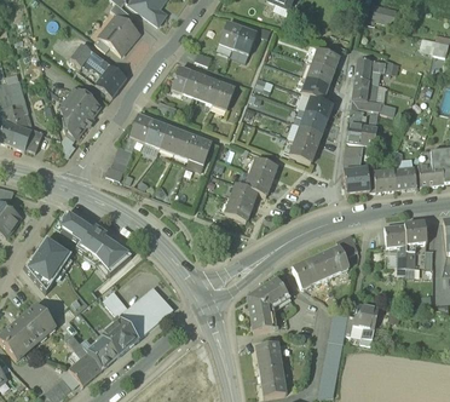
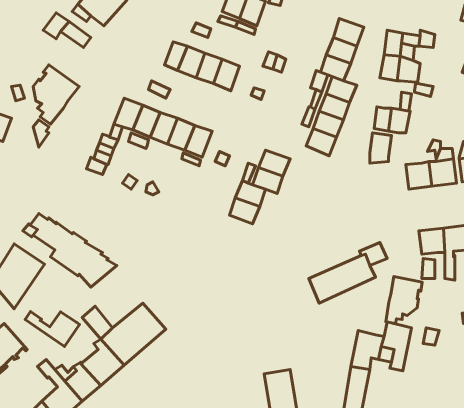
building: [96,63,127,96] -> none
building: [344,166,370,193] -> none
building: none -> [386,276,422,324]
building: [248,277,289,331] -> none
building: none -> [25,312,80,346]

